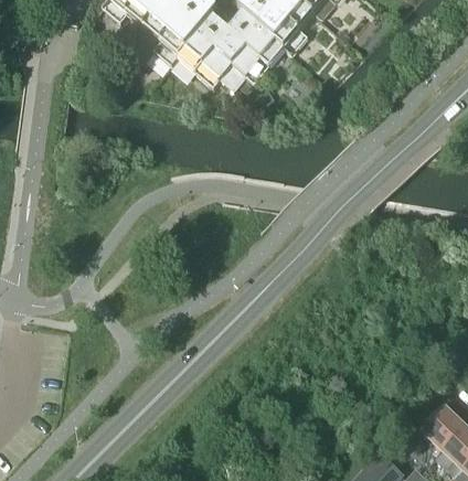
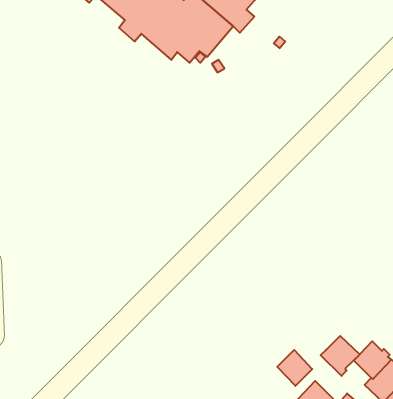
building: none -> [321,336,360,376]
building: none -> [277,350,312,386]

